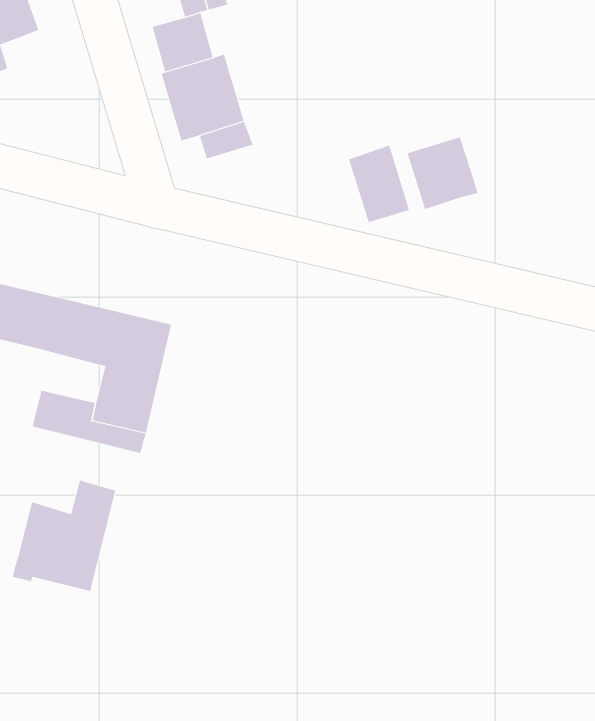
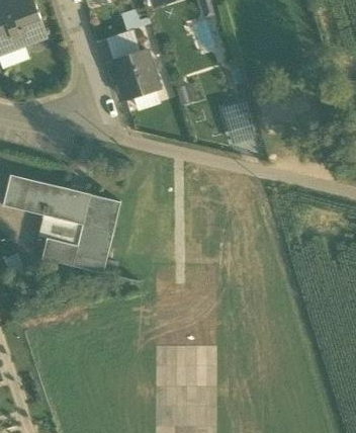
building: [407,136,478,210] -> none
building: none -> [38,212,82,243]
building: [12,480,116,592] -> none

